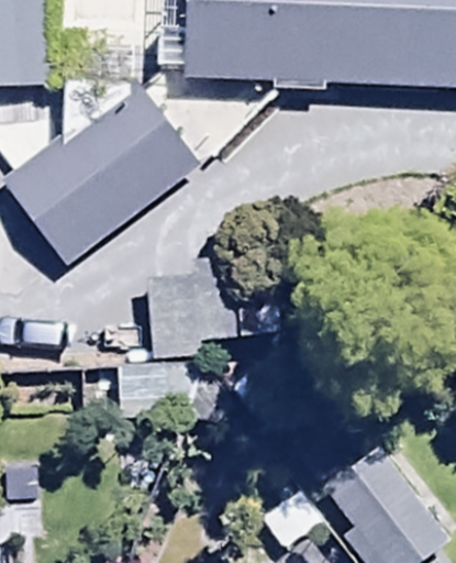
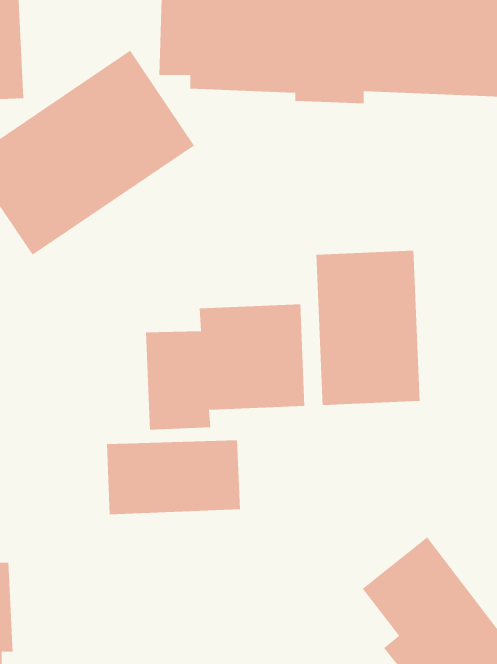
building: none -> [316,250,420,406]

